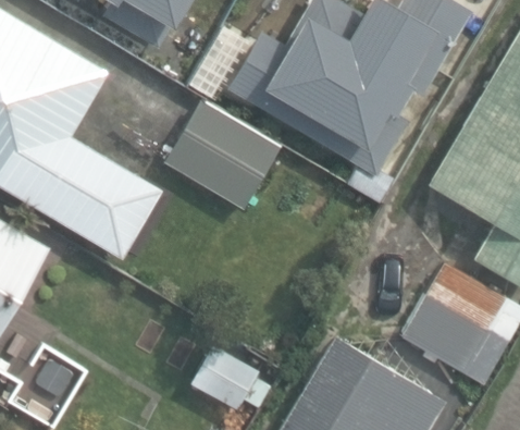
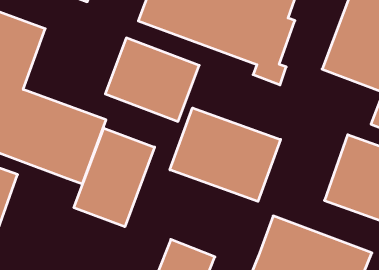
building: none -> [170,108,281,201]
building: none -> [74,128,155,227]

